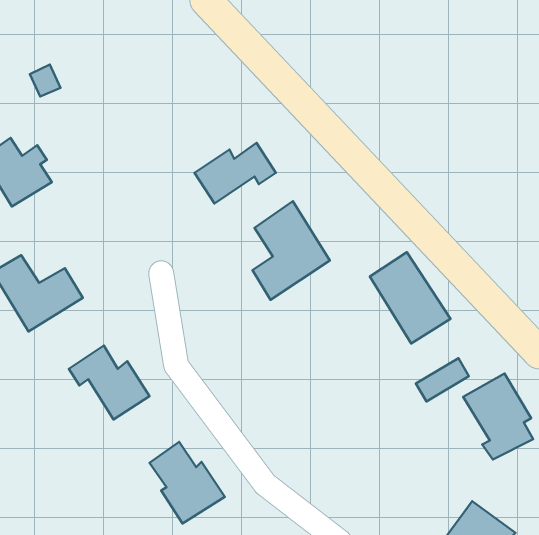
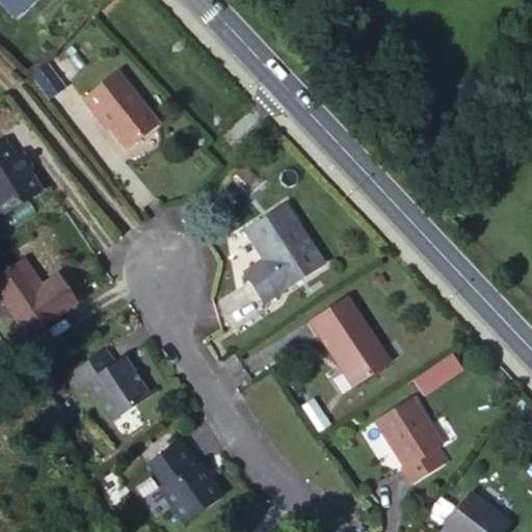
building: none -> [82,60,163,144]
building: [194,143,276,203] -> none
building: [370,252,450,343] -> [312,301,391,391]
building: [463,374,533,459] -> [374,406,443,490]

